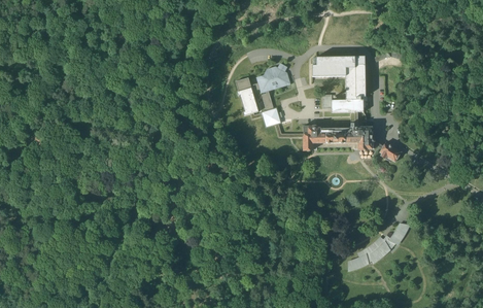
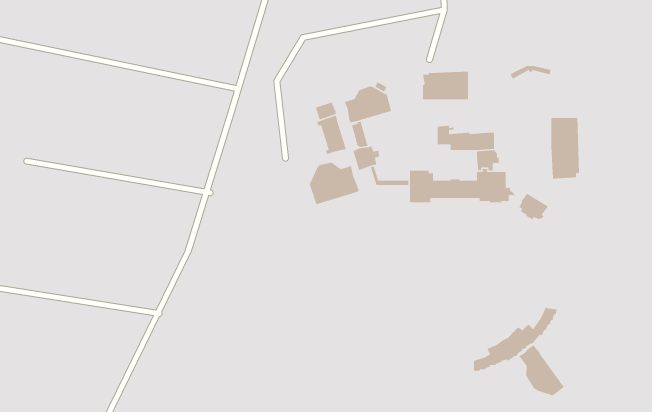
building: [345,56,366,100] -> [551,117,580,179]
building: none -> [309,162,360,205]
building: none -> [518,344,565,397]

